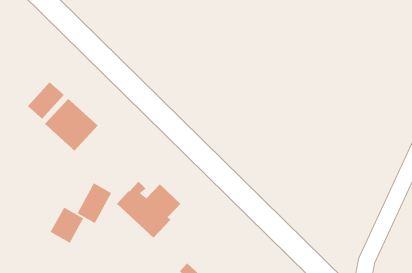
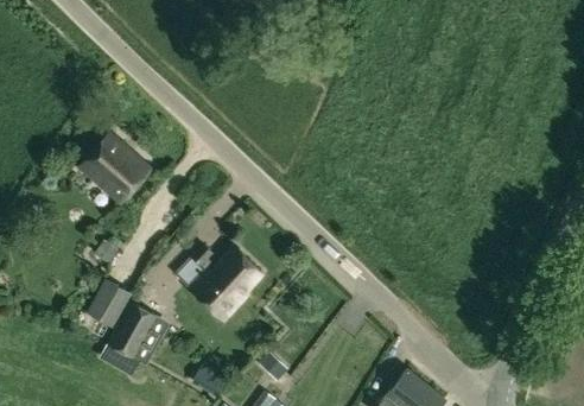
building: [27,82,65,119] -> none
building: [77,182,112,224] -> [109,303,157,359]

